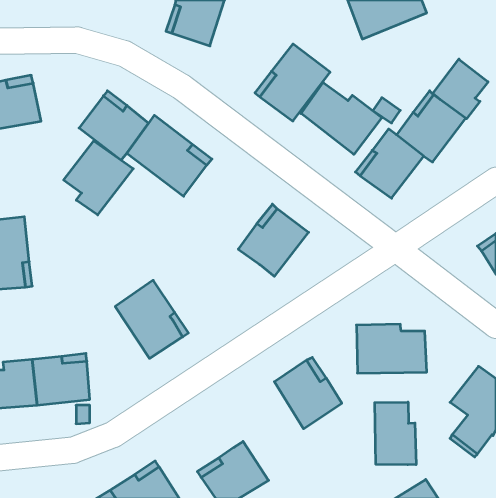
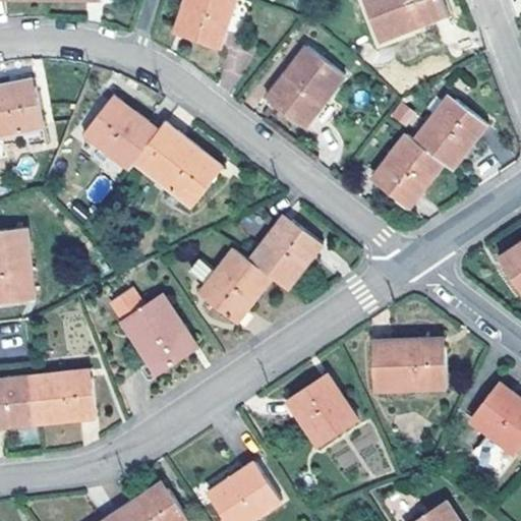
building: [433,59,488,119] -> none
building: [301,82,382,154] -> none
building: [64,141,133,215] -> none
building: none -> [189,247,271,323]
building: [375,402,416,465] -> none

